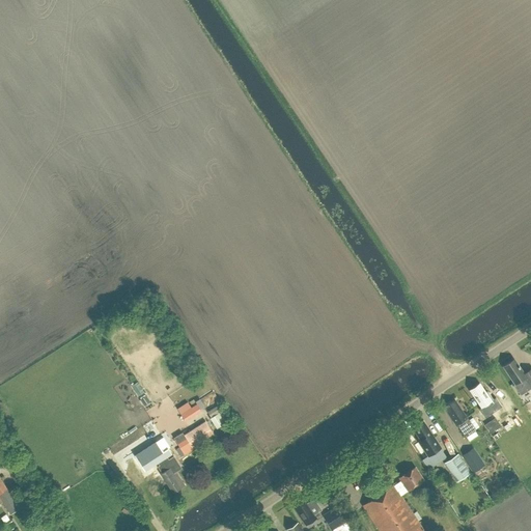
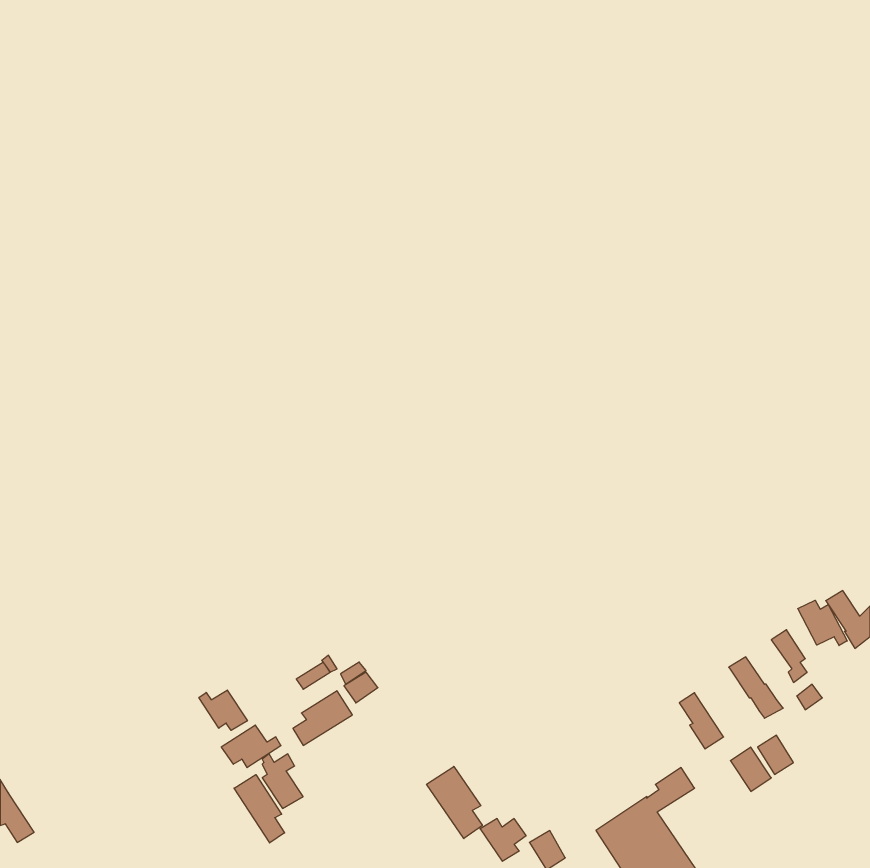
building: none -> [798,600,847,646]
building: none -> [199,690,247,730]
building: none -> [427,766,482,839]
building: none -> [234,775,285,843]

